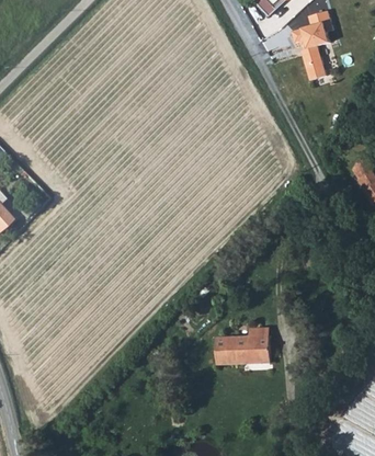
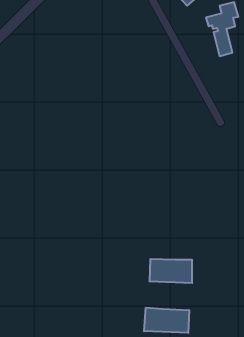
building: none -> [144,308,189,333]

